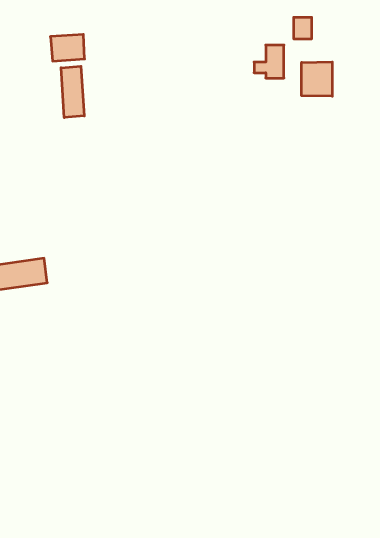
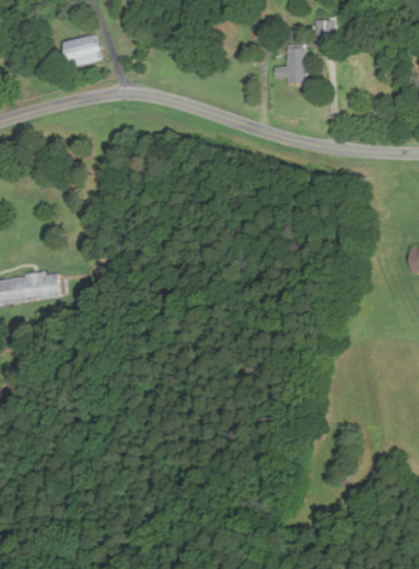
building: [302,62,332,96] -> none
building: [61,66,84,118] -> none

